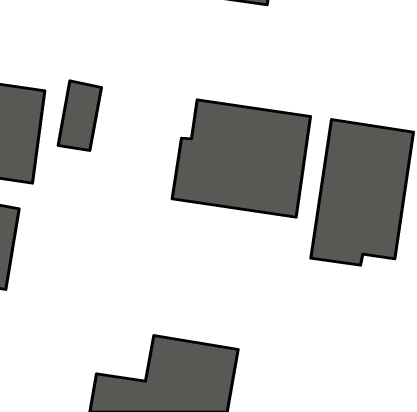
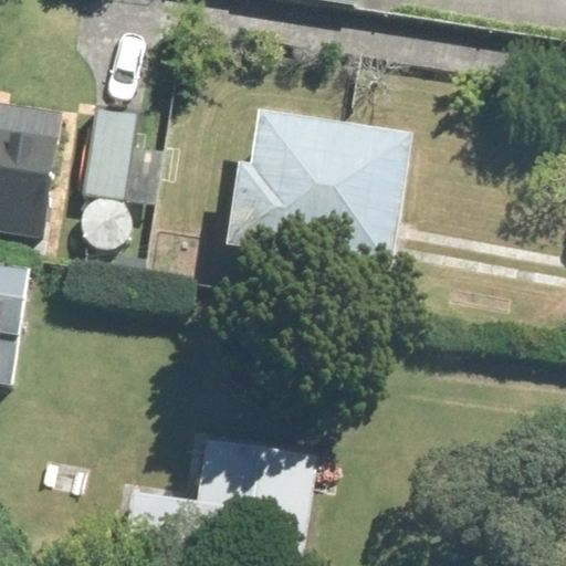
building: [311,119,413,265] -> none

